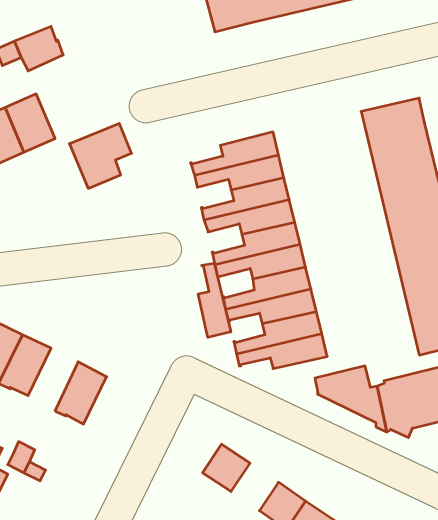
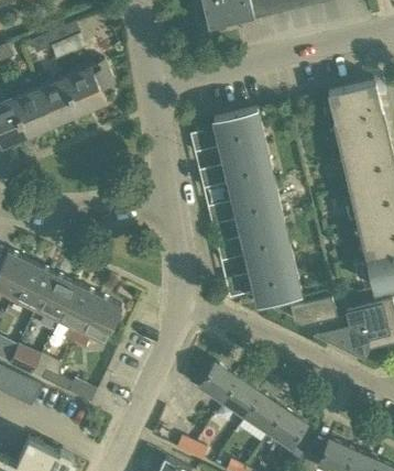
building: [69,123,132,188] -> [64,61,114,113]
building: [198,263,231,337] -> none
building: none -> [57,284,98,343]
building: none -> [222,377,261,416]

